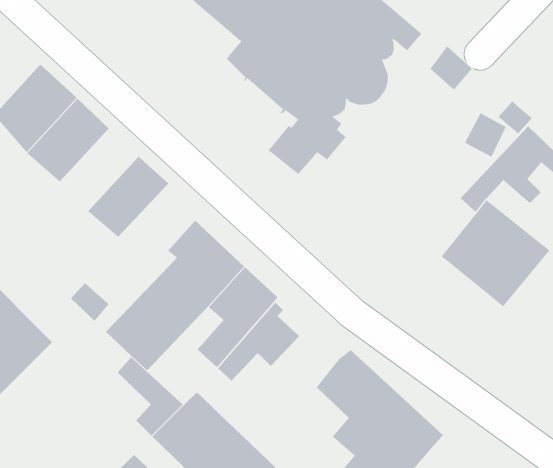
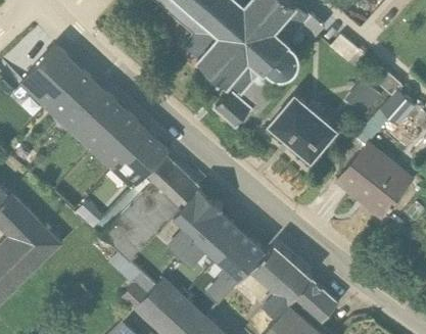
building: none -> [68,92,124,150]
building: none -> [269,94,337,160]
building: none -> [109,131,168,189]
building: none -> [204,238,264,305]

